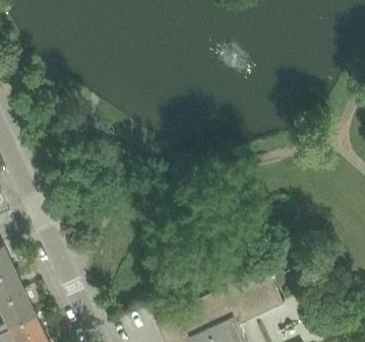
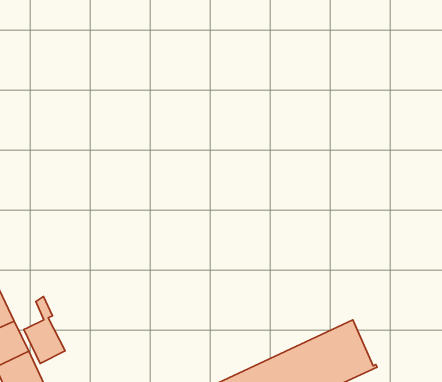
building: none -> [24,297,65,363]

